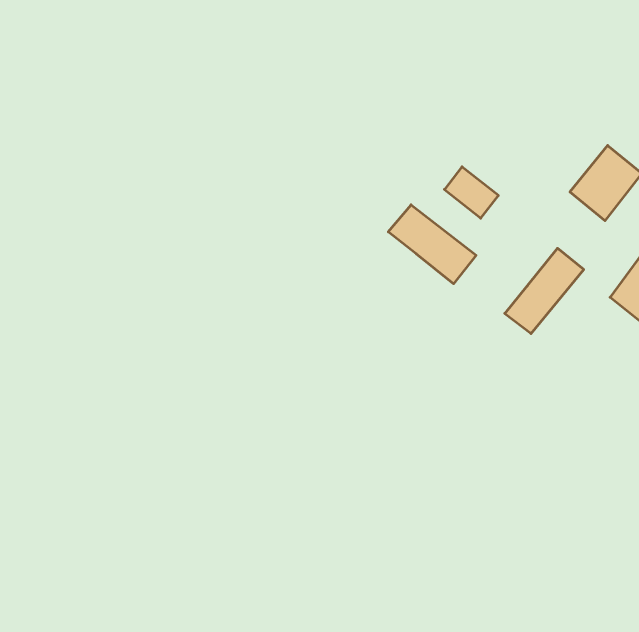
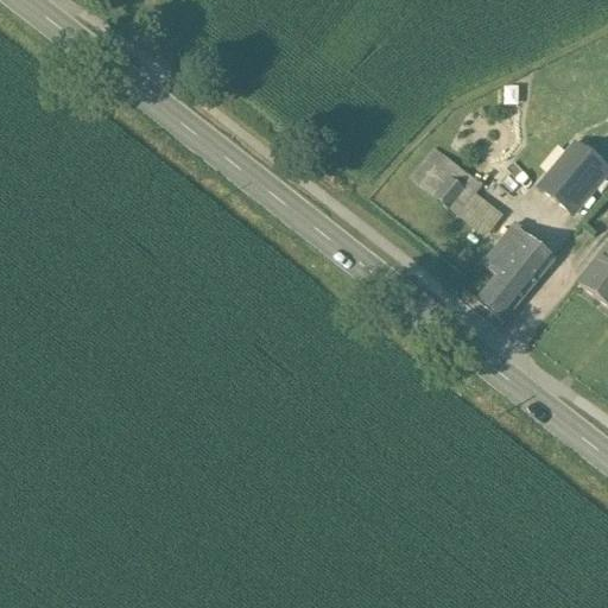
building: [388,205,476,284] -> none
building: none -> [486,222,530,271]

